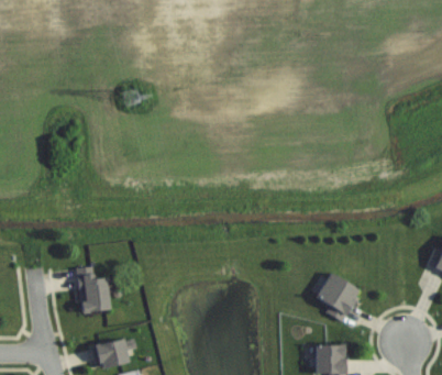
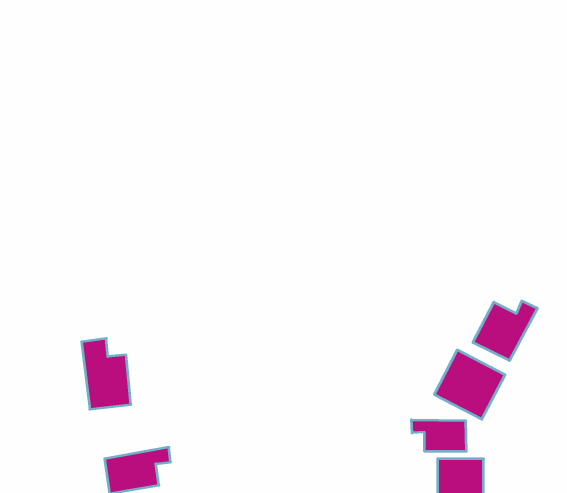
building: none -> [473,301,537,361]
building: none -> [411,420,466,451]

